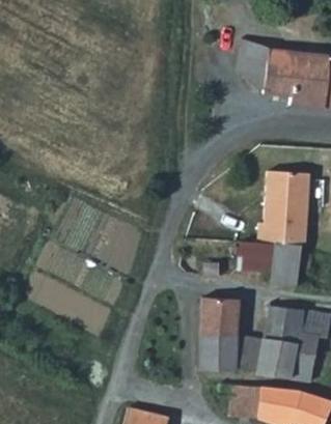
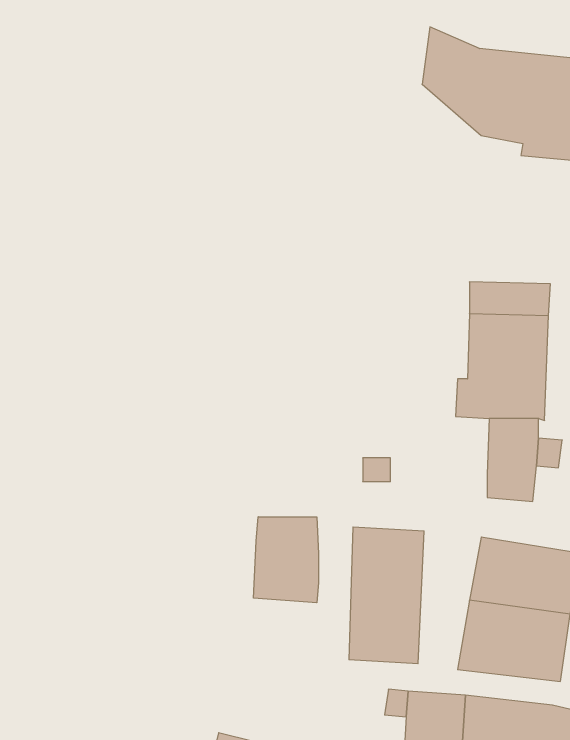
building: [240,242,274,272] -> none
building: none -> [254,517,319,603]

